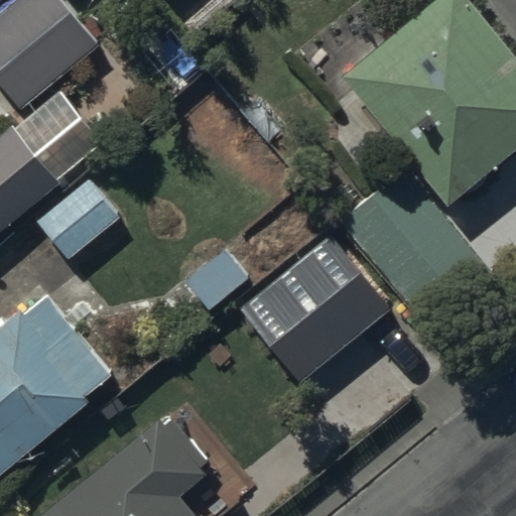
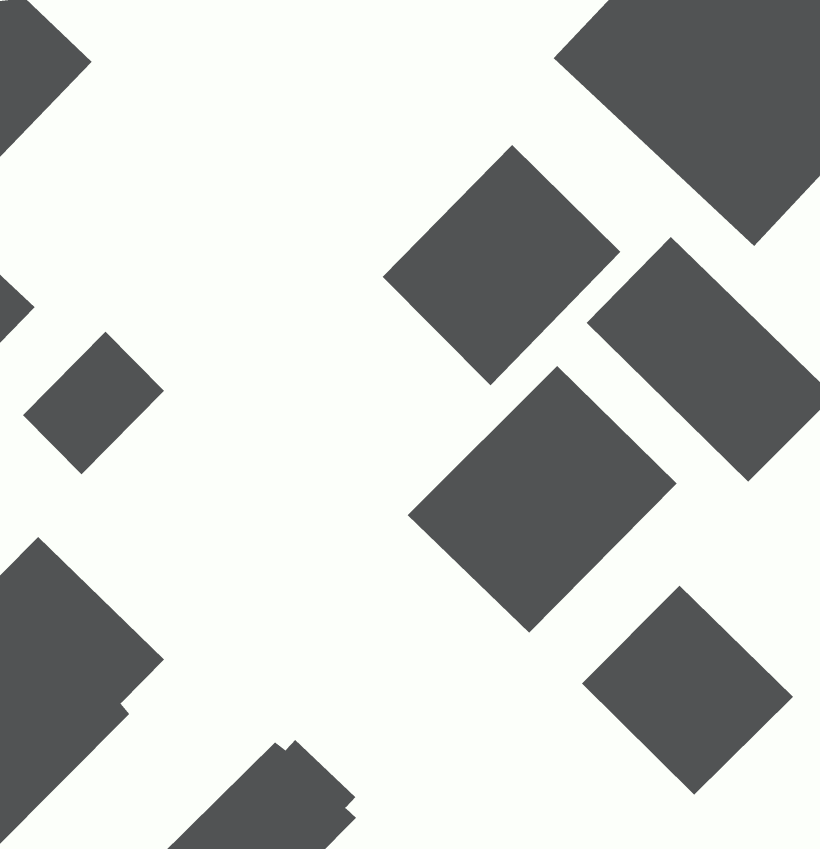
building: none -> [382,144,621,386]
building: none -> [581,585,794,795]

